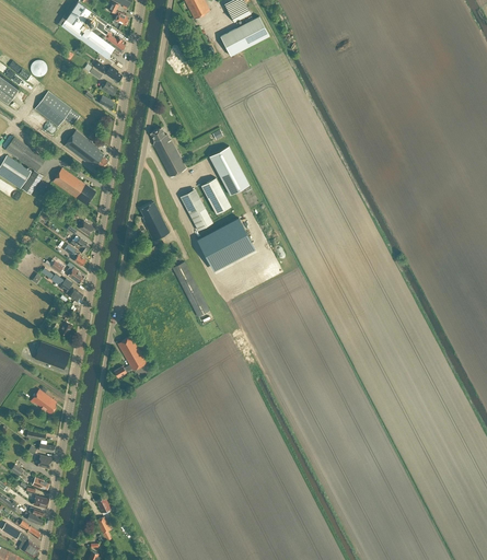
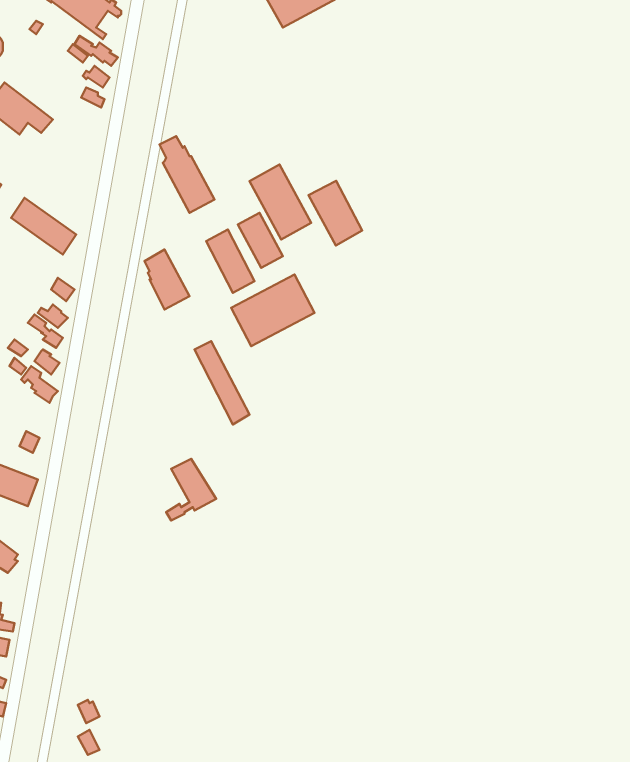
building: [65,130,108,168] -> none
building: none -> [308,181,362,246]
building: [114,336,147,376] -> [166,459,216,521]

